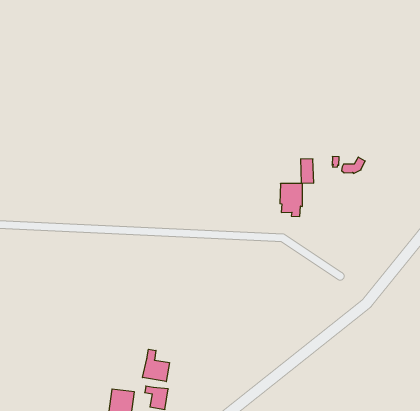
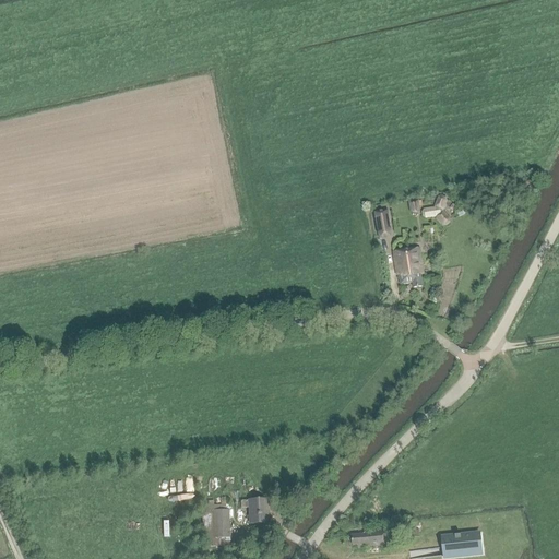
building: [280,184,302,216] -> [394,246,424,285]
building: [143,349,169,382] -> none

